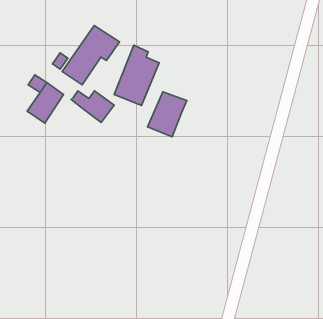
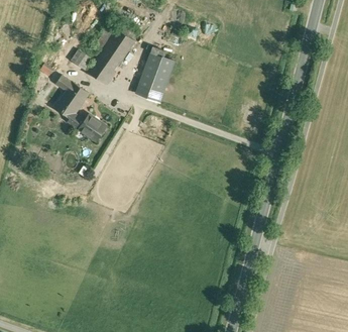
building: [71,91,114,123] -> [69,113,108,142]
building: [148,92,187,137] -> none

